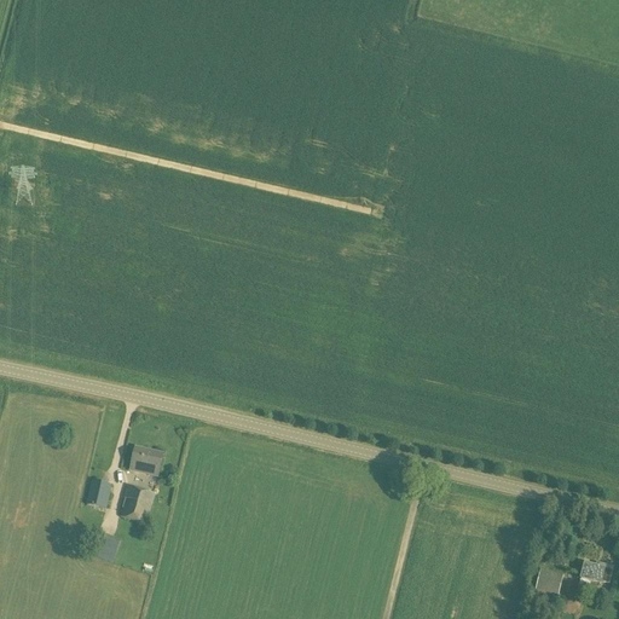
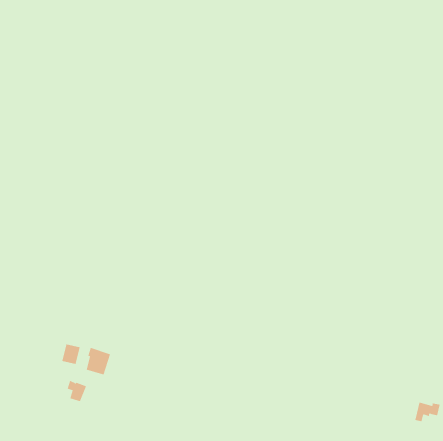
building: [129,446,162,475] -> none
building: [534,567,563,594] -> none

